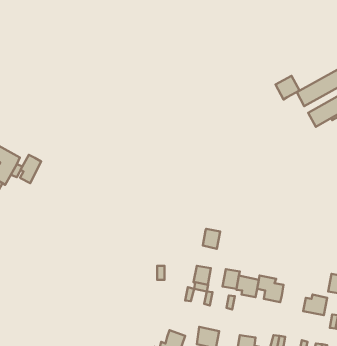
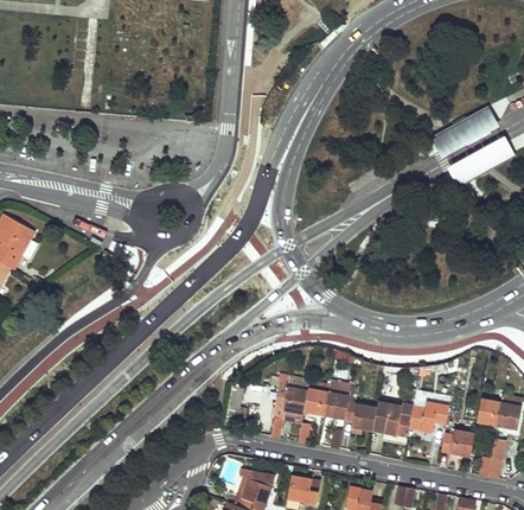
building: [276,76,300,99] -> none
building: [20,155,41,183] -> none
building: [203,229,220,249] -> [303,387,328,415]
building: none -> [409,400,448,433]

